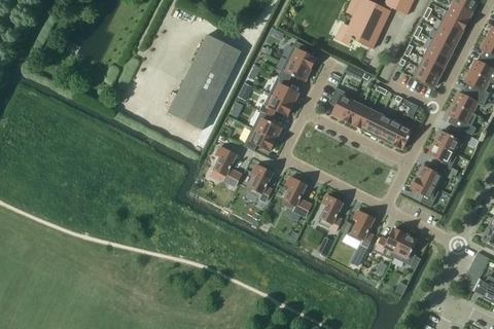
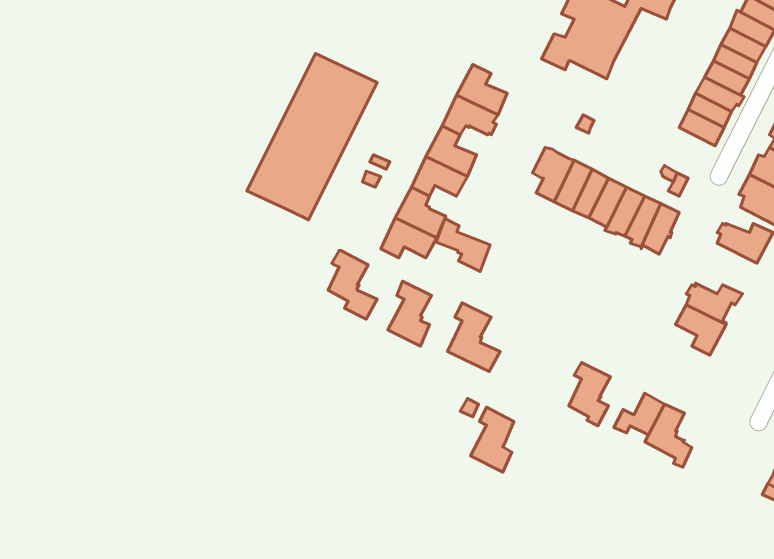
building: none -> [436,219,490,271]
building: [429,143,458,172] -> none
building: [318,194,343,231] -> [470,407,514,472]

